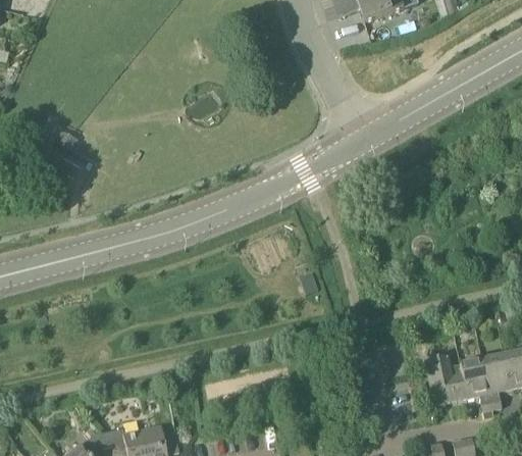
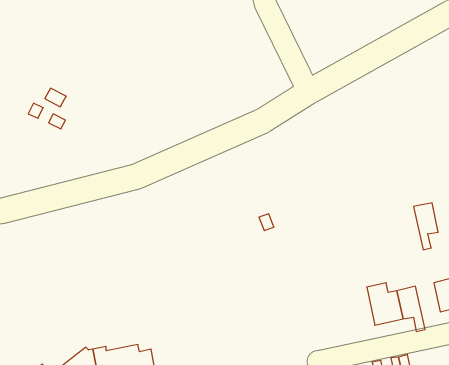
building: [482,356,511,410] -> [414,203,438,250]

